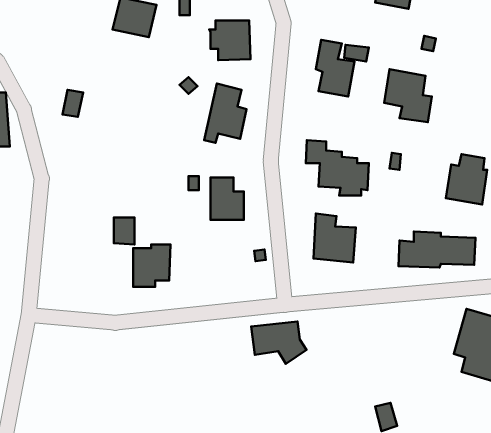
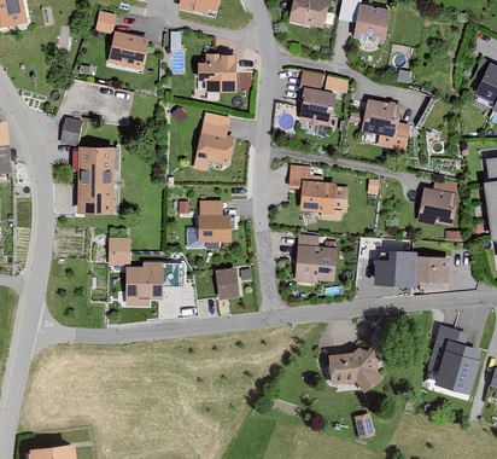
building: none -> [77,146,113,211]
building: none -> [215,267,239,298]
building: [251,321,306,364] -> [329,351,381,391]

